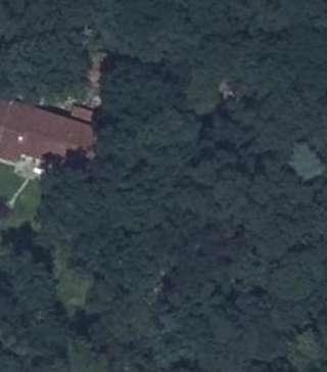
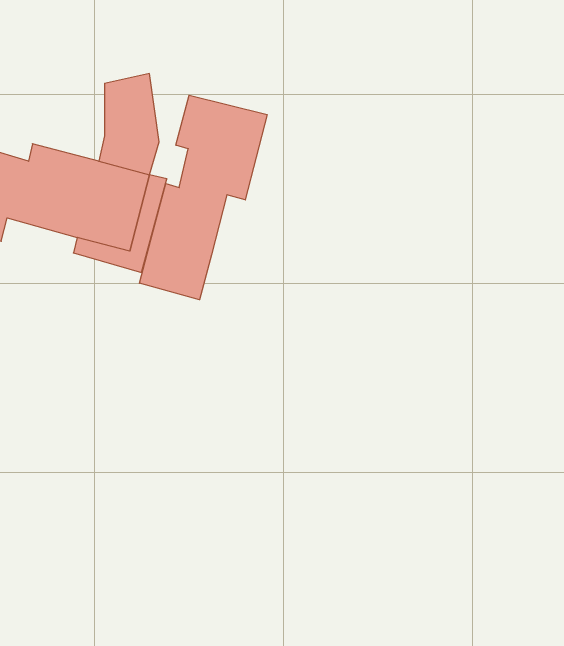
building: none -> [139,95,267,300]

